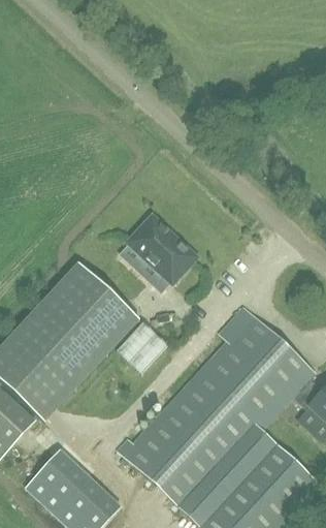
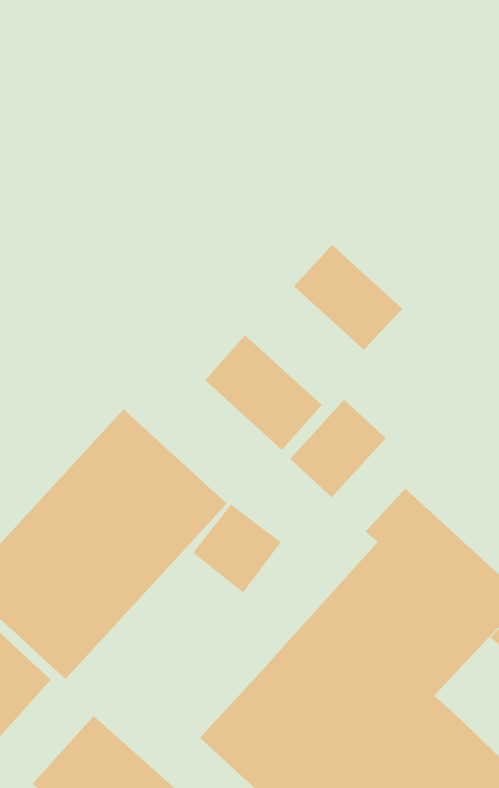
building: none -> [293,244,403,351]
building: none -> [289,399,386,498]

